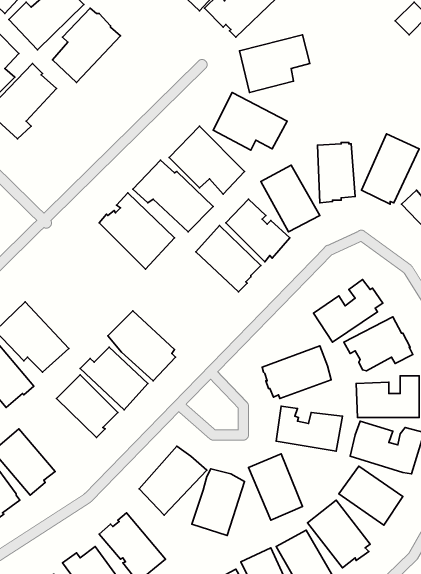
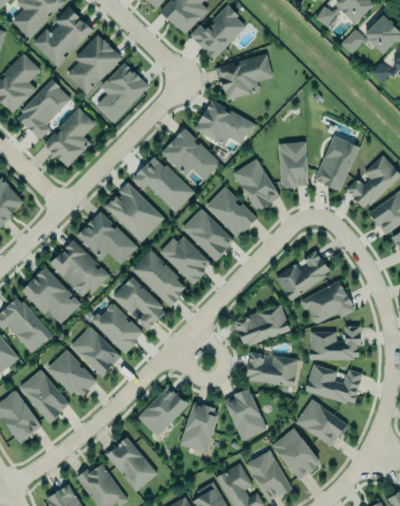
building: none -> [96,63,149,124]
building: none -> [44,106,95,166]
building: none -> [76,210,138,263]
building: none -> [158,234,211,284]
building: none -> [50,240,110,297]
building: none -> [132,250,189,307]
building: none -> [48,349,97,395]

